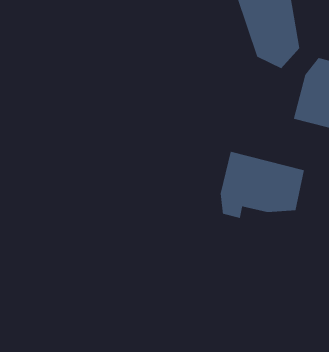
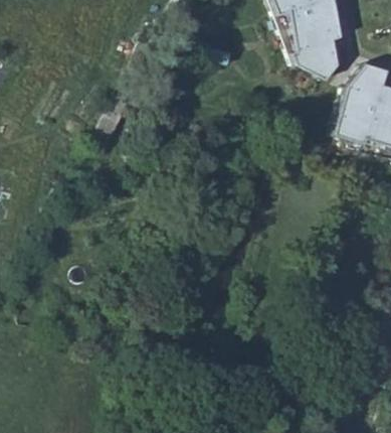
building: [220,151,305,219] -> none

